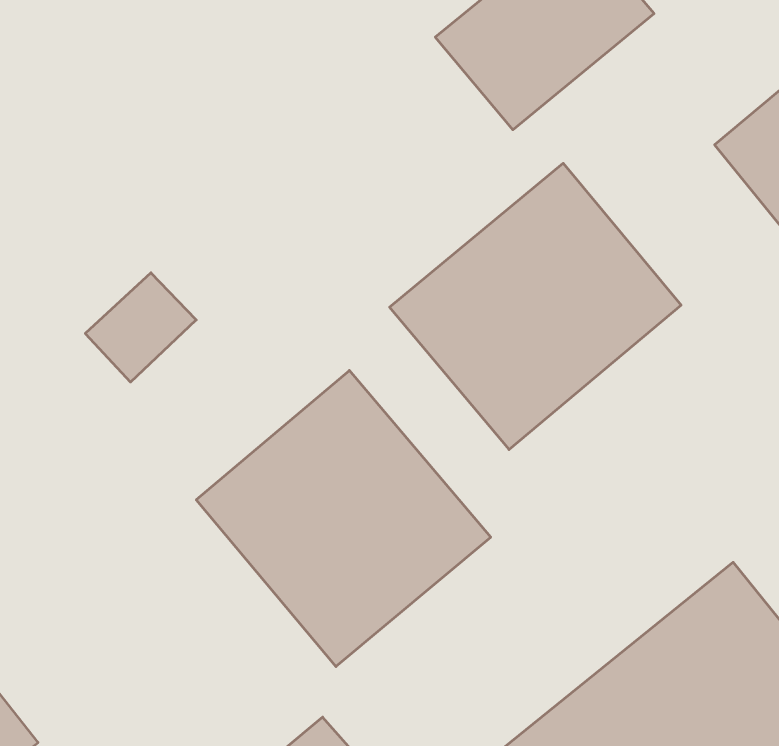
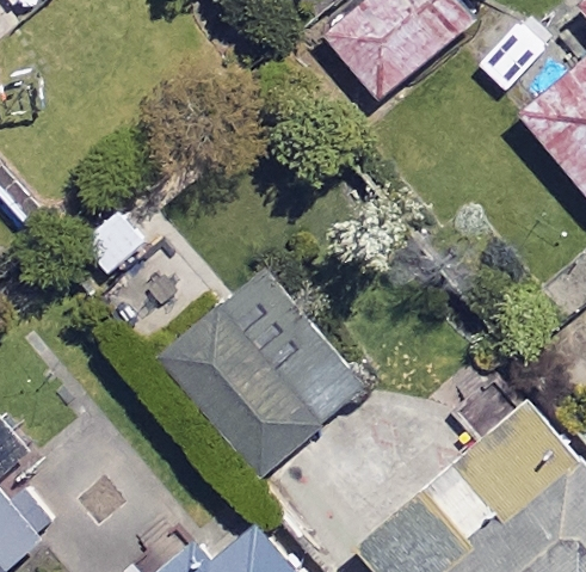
building: [390,163,681,450] -> none

